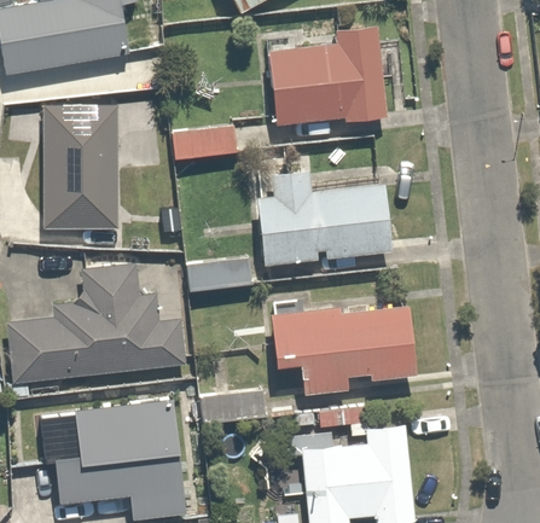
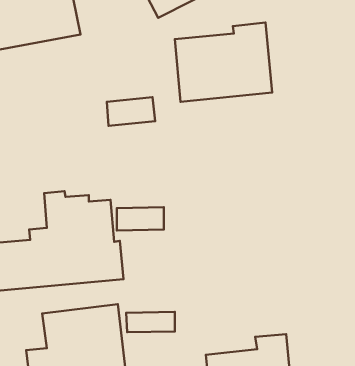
building: [40,93,118,216] -> none
building: [245,184,381,279] -> none
building: [267,310,412,400] -> none

